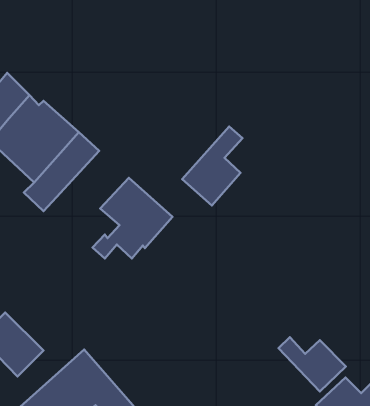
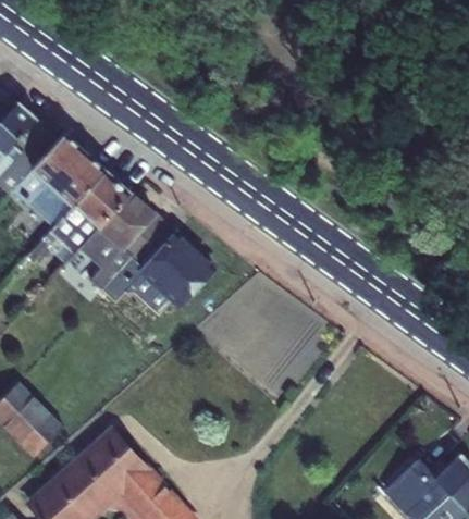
building: [182,127,243,206] -> none
building: none -> [78,194,163,291]
building: [278,337,346,391] -> none

